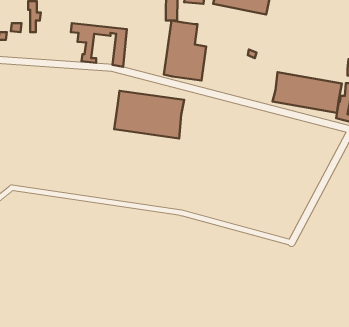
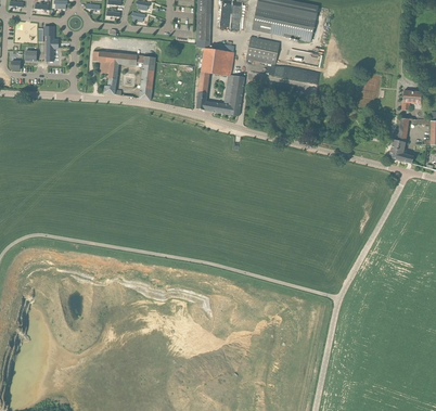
building: none -> [245,37,279,63]
building: [273,72,342,113] -> none
building: [114,91,184,139] -> none

